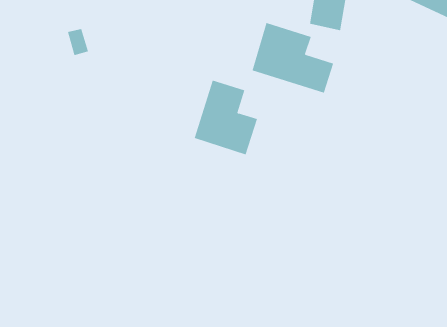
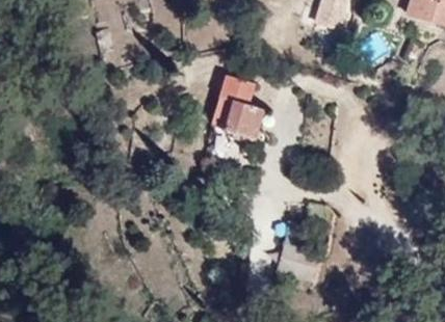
building: [252,22,334,93] -> none

